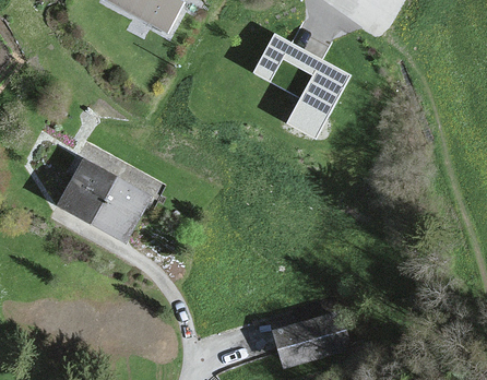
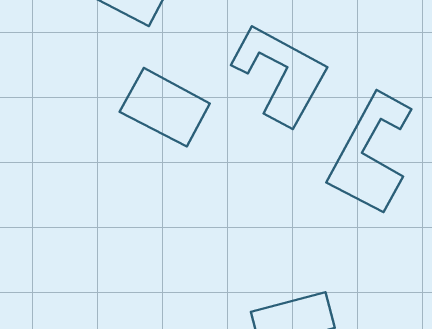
building: none -> [326,90,412,212]
building: [57,158,151,240] -> [120,68,210,147]

